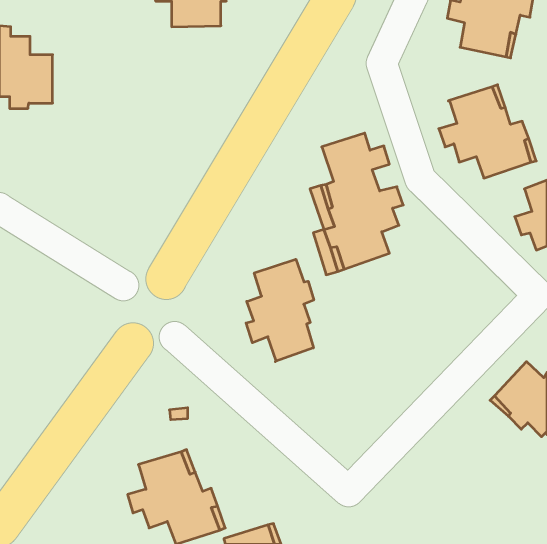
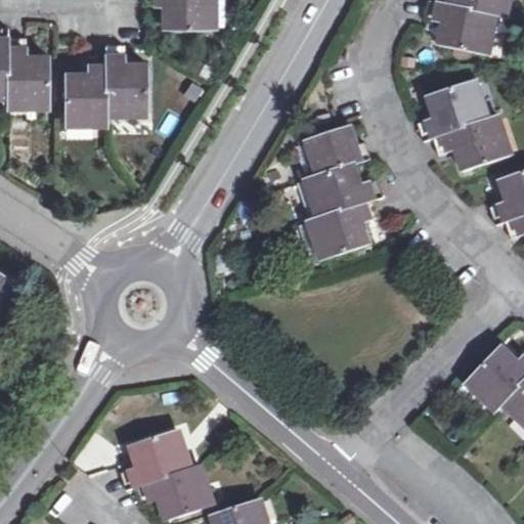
building: none -> [66,42,147,121]
building: [246,259,314,362] -> none

